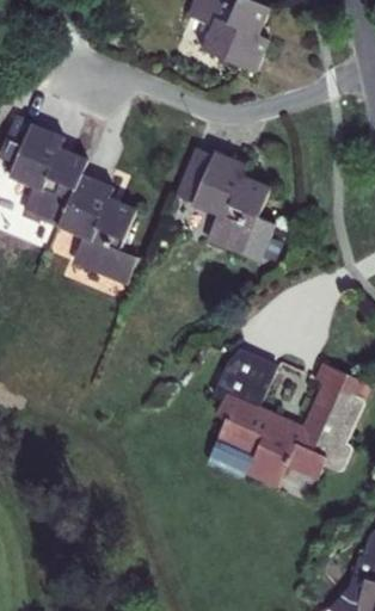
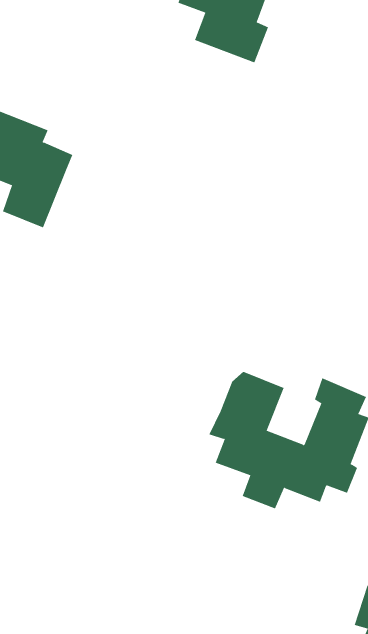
building: [174,148,273,260] -> none
building: [59,172,139,282] -> none

